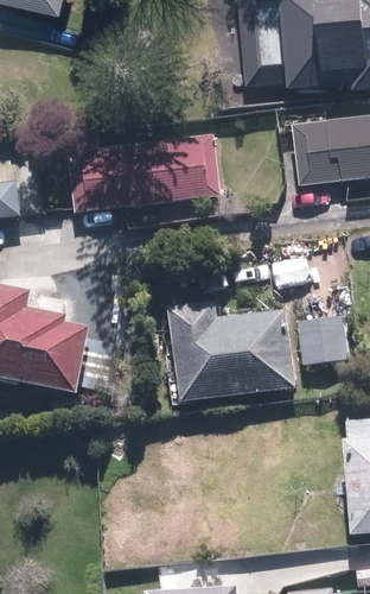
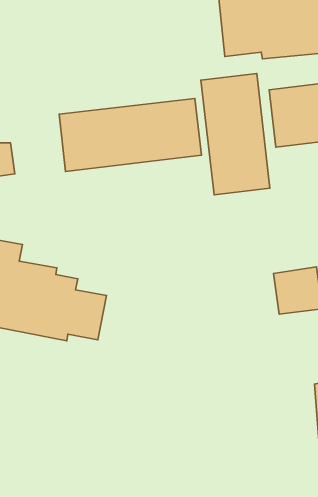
building: none -> [201,73,270,195]
building: [168,302,294,400] -> none

